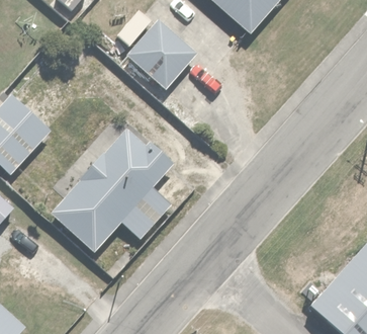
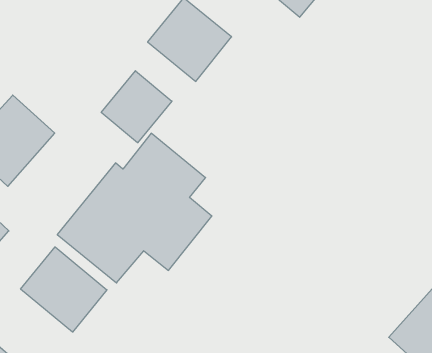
building: none -> [101,71,172,143]
building: none -> [21,247,107,332]

